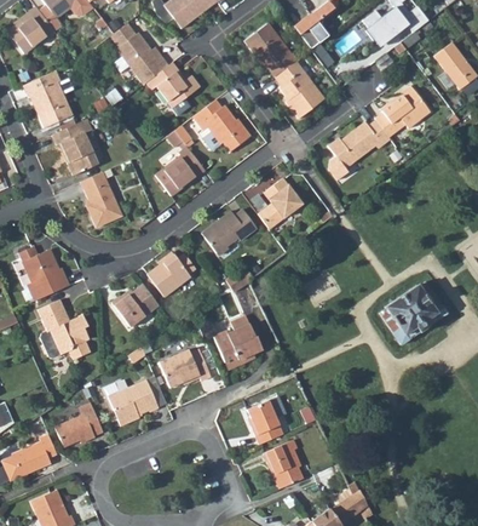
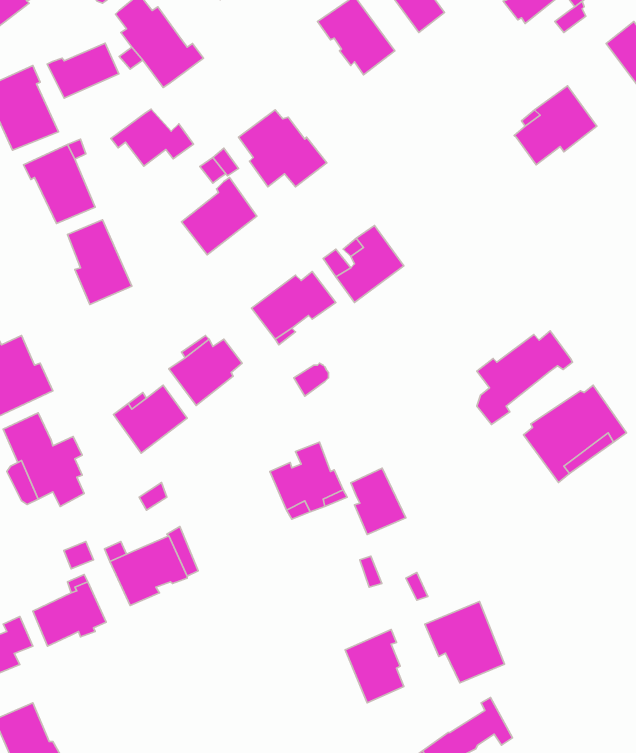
building: none -> [47,43,119,98]
building: [275,61,323,115] -> none
building: [146,63,201,101] -> [111,109,193,166]
building: [327,118,390,179] -> [477,331,572,425]
building: [159,349,211,389] -> none
building: [247,402,283,446] -> [351,468,406,534]
building: none -> [425,602,504,683]

